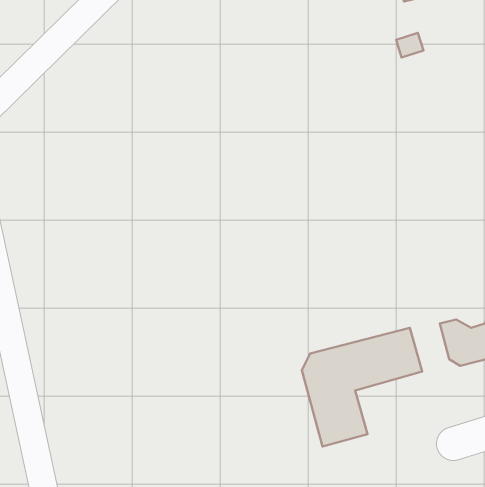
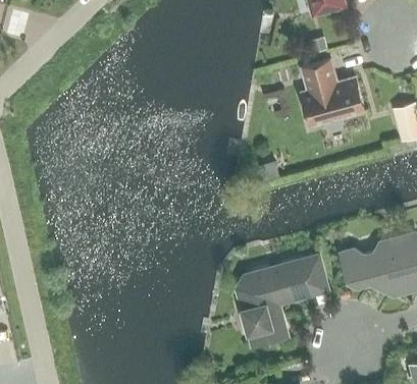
building: none -> [301,60,365,130]

